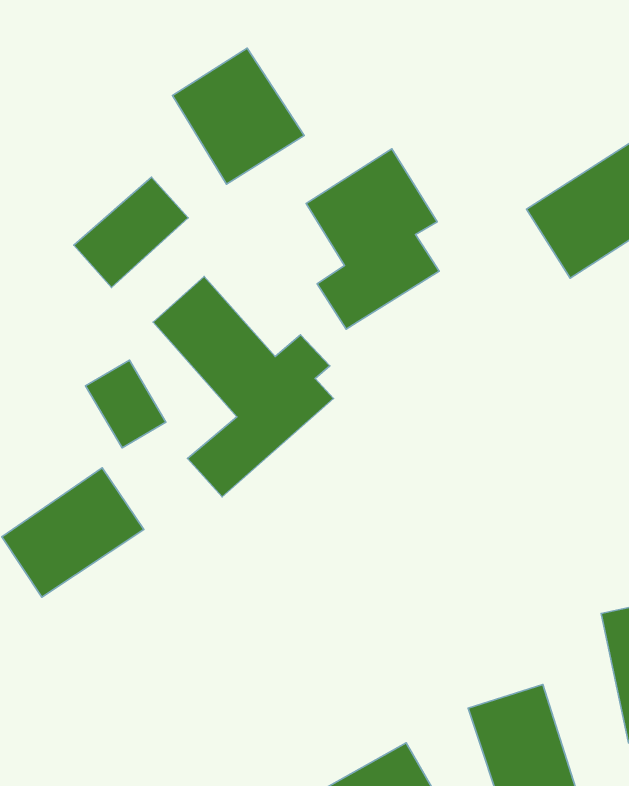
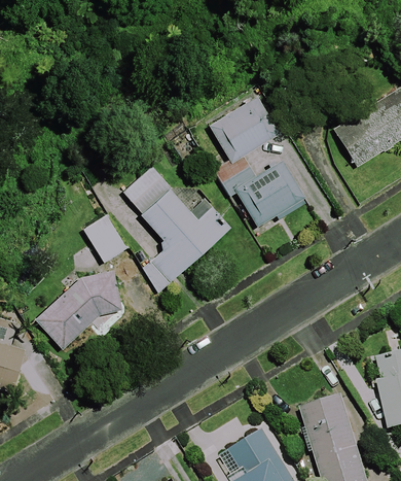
building: [173,48,304,184] -> none
building: [74,177,188,287] -> none
building: none -> [235,163,306,227]

